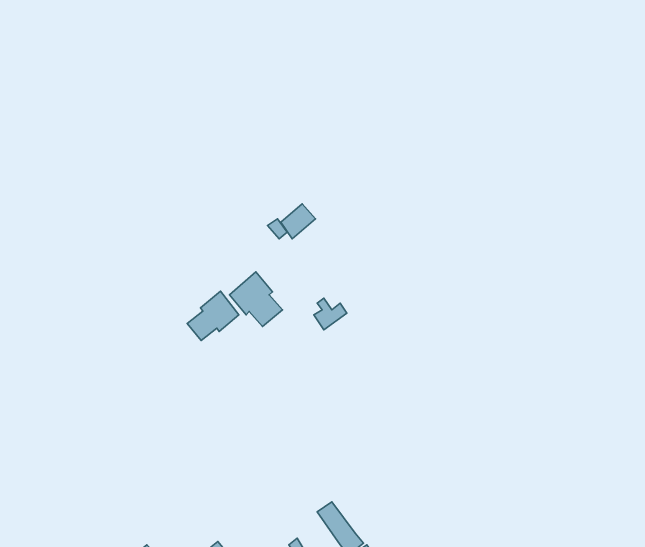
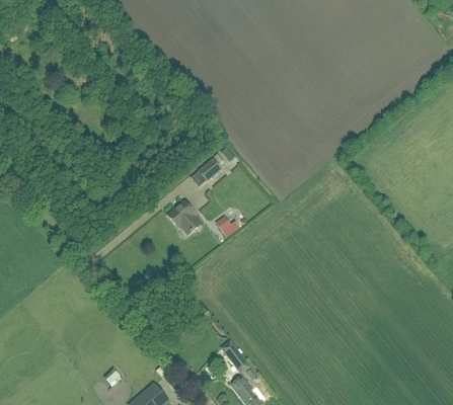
building: [187,291,239,340] -> none

